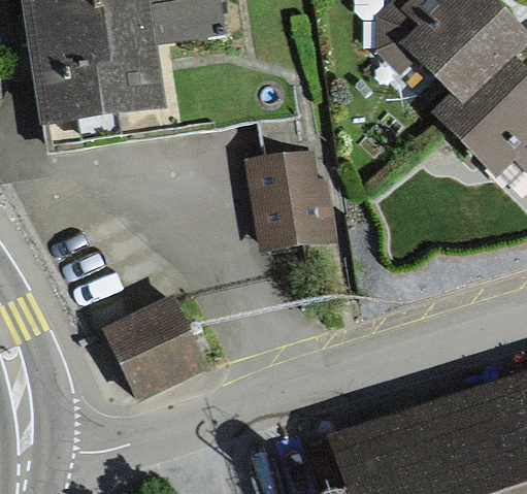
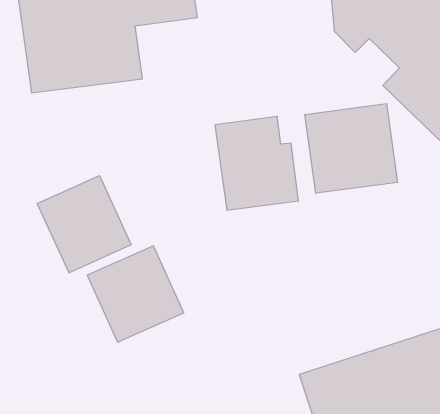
building: none -> [305,104,398,193]
building: none -> [37,176,131,273]

